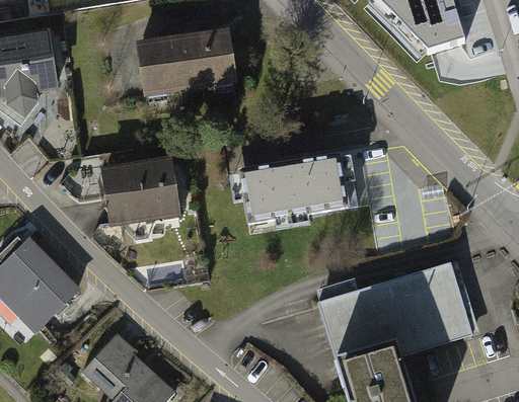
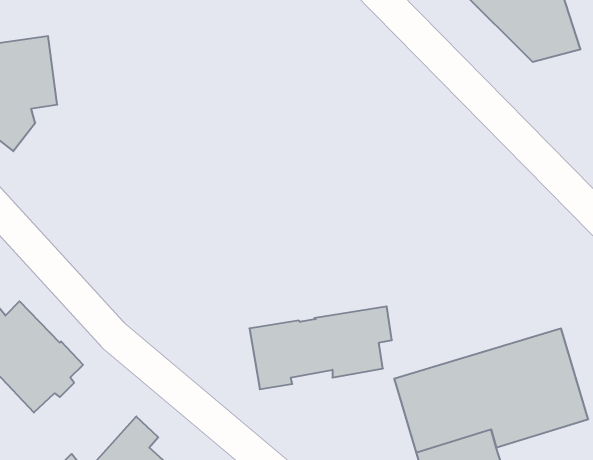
building: [142,32,236,91] -> none
building: [241,155,353,220] -> [249,306,392,389]
building: [103,160,178,237] -> none

